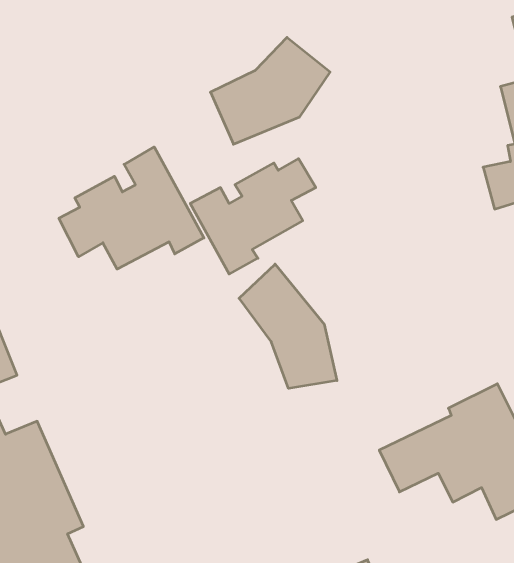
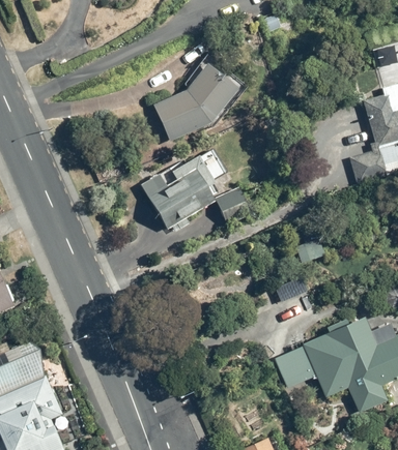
building: [59,147,204,269] -> none
building: [239,264,337,388] -> none

